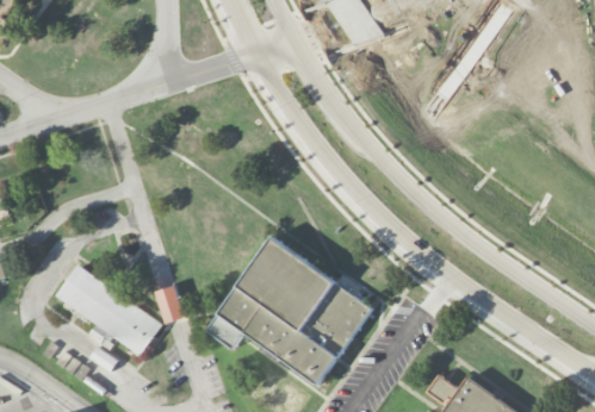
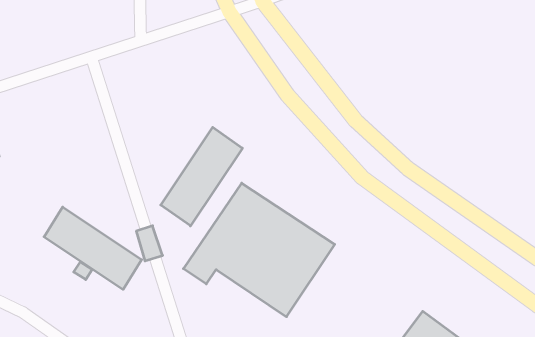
building: none -> [161,127,242,226]

